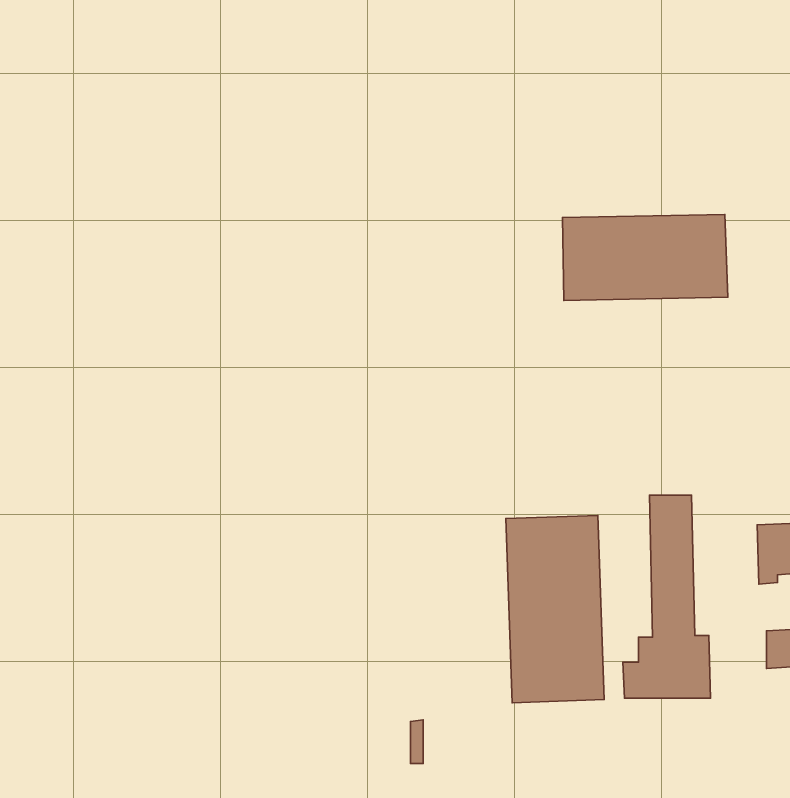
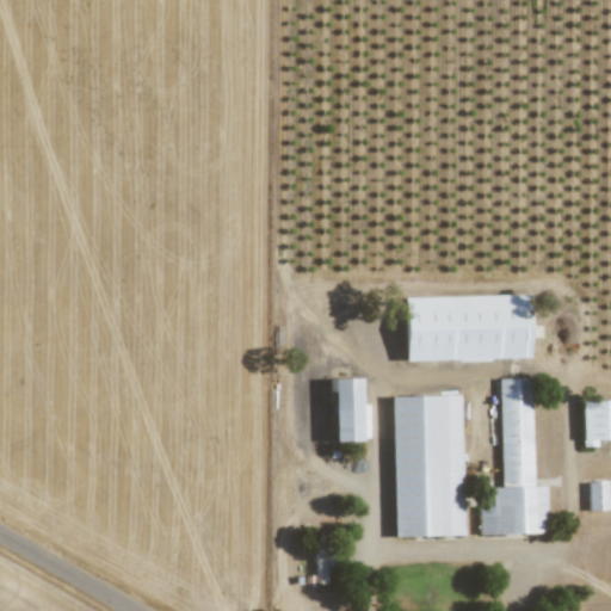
building: [562,215,728,300] -> [406,295,532,360]
building: none -> [334,378,363,440]

